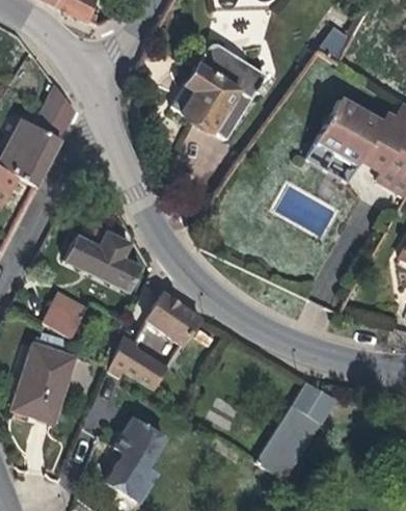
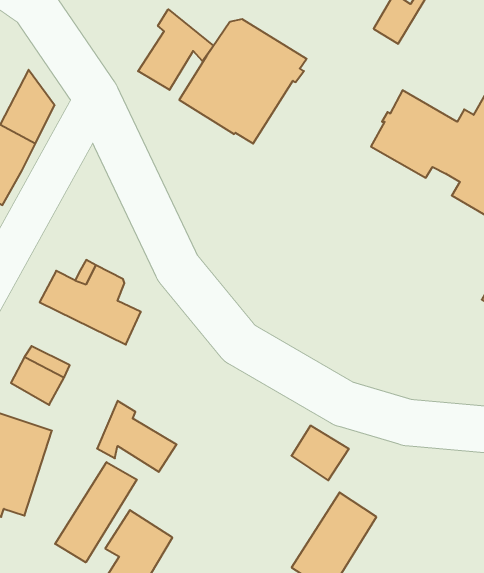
building: none -> [138,9,213,90]
building: [145,292,201,345] -> none
building: none -> [55,462,137,562]
building: [292,381,335,423] -> [291,426,349,480]

